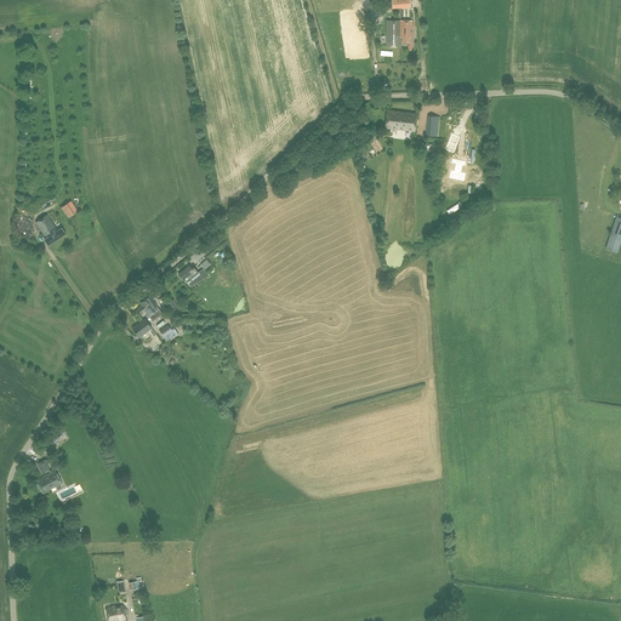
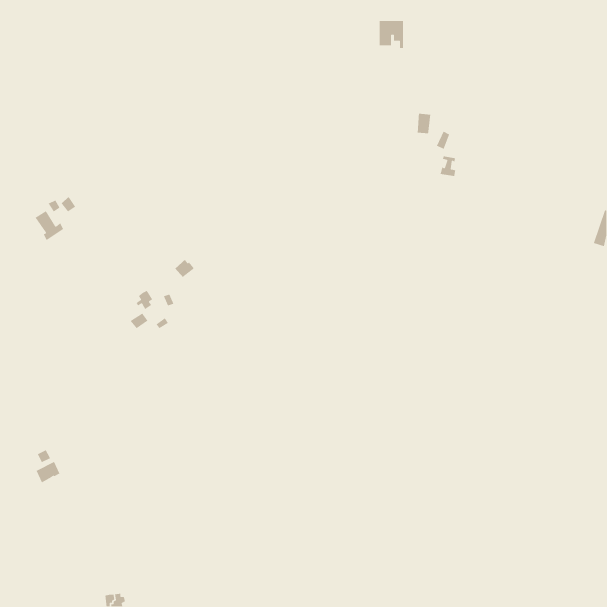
building: [384,109,417,132] -> none

